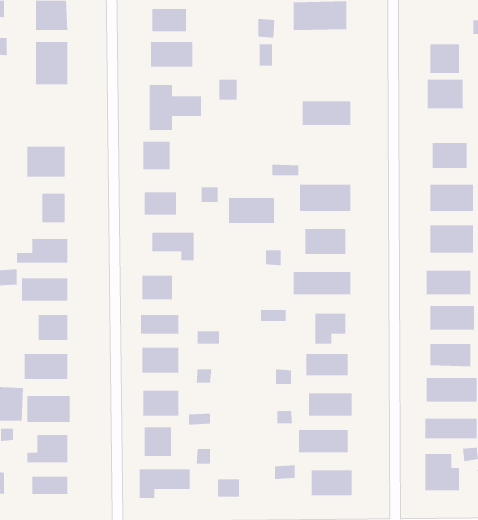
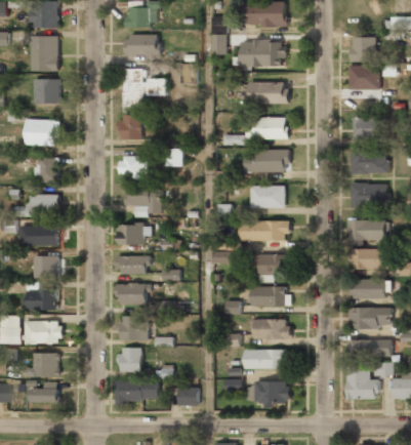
building: none -> [239,42,284,67]
building: none -> [34,79,60,105]
building: [228,197,275,224] -> [249,118,287,139]

